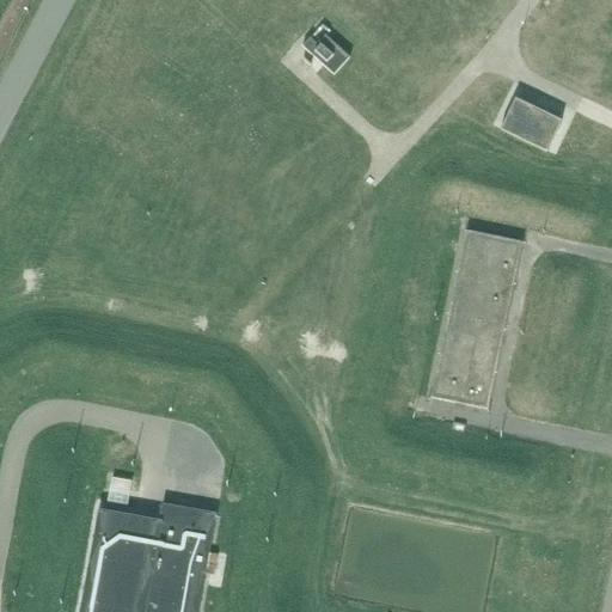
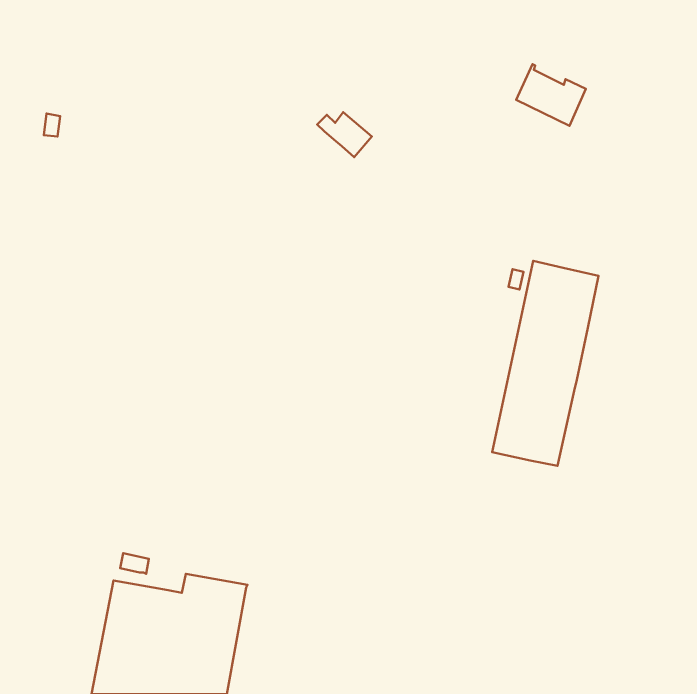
building: [304,33,351,73] -> [317,112,372,157]
building: [502,97,563,151] -> [516,64,586,126]

